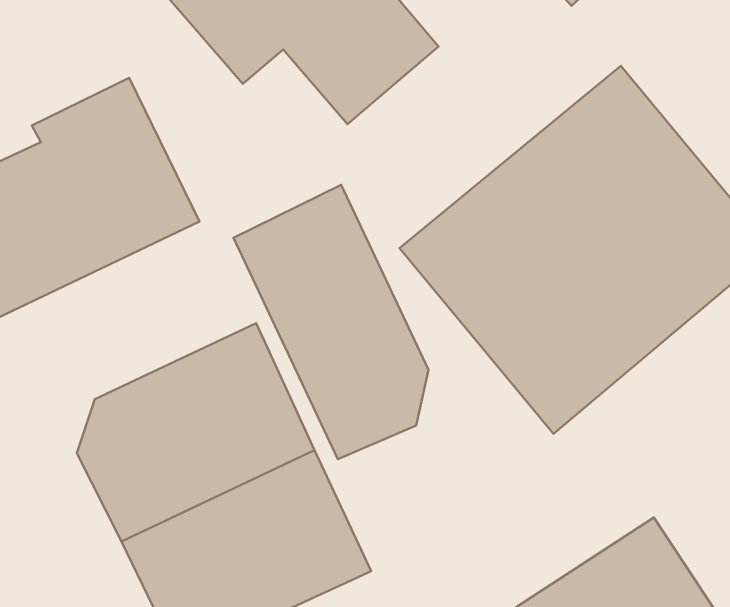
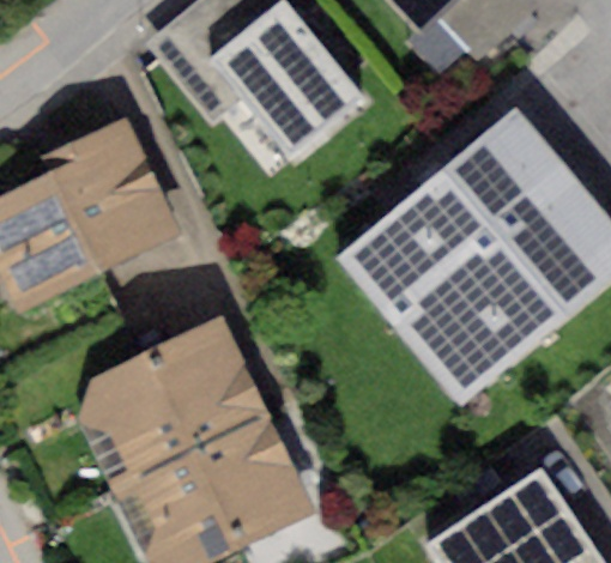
building: [233,185,429,459] -> none

